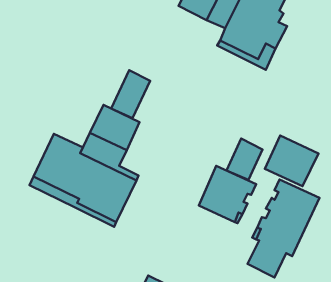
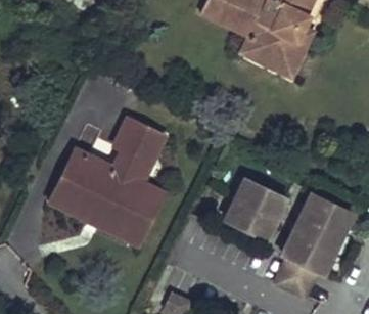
building: [111,70,150,118] -> none
building: [265,136,319,186] -> none
building: [226,138,263,180] -> none

